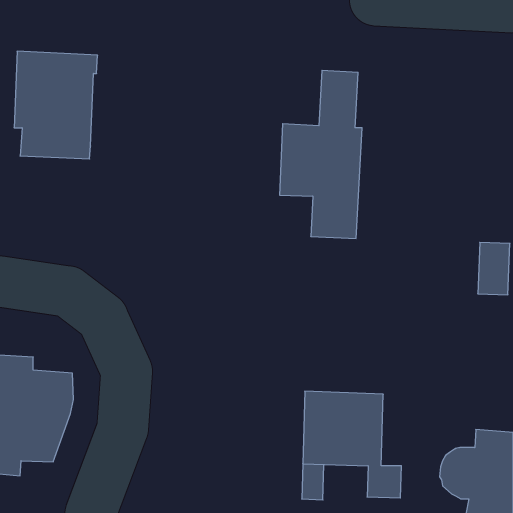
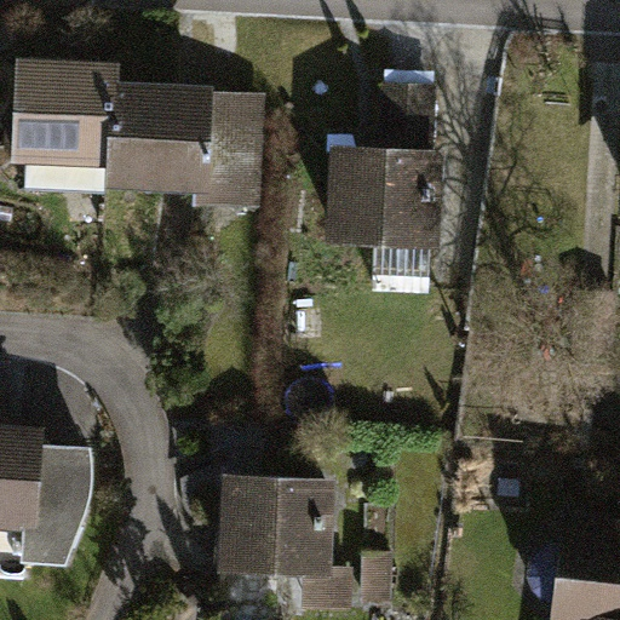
building: none -> [109,90,258,202]
building: [303,391,401,498] -> [229,478,348,607]

